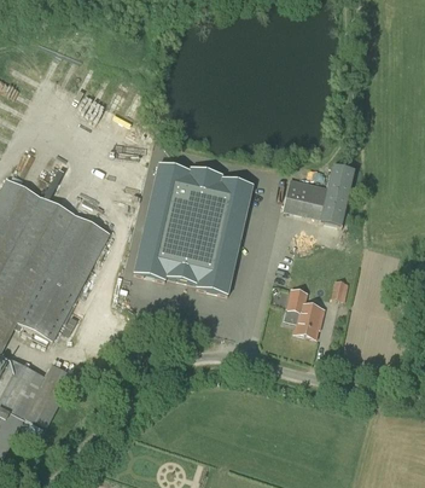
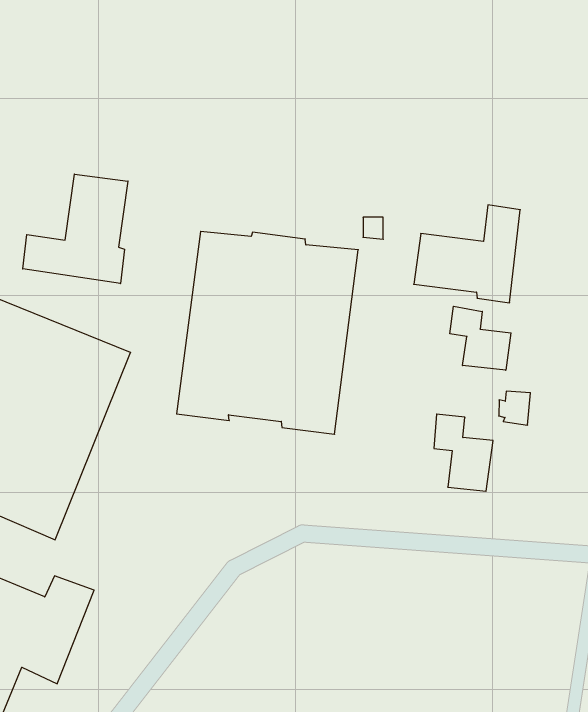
building: none -> [23,174,128,284]
building: none -> [450,306,511,370]

